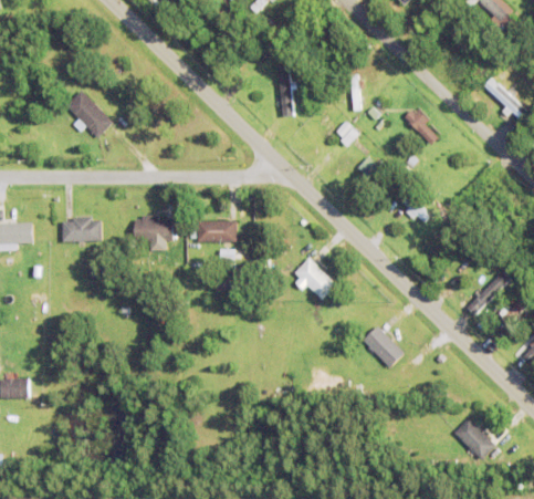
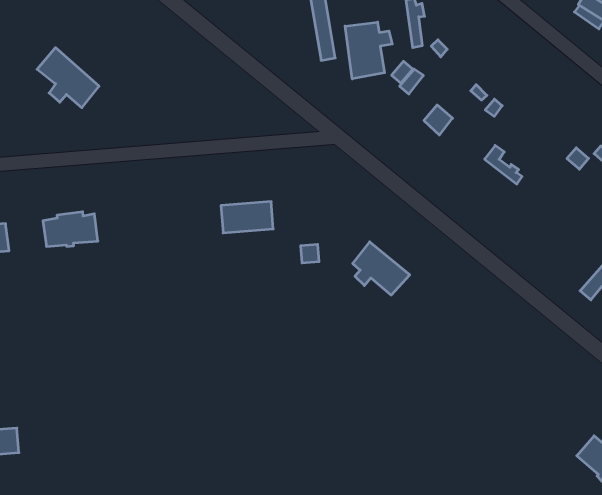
building: none -> [345,22,392,79]
building: [405,108,439,145] -> none
building: [134,215,172,241] -> none
building: [363,325,405,367] -> none

